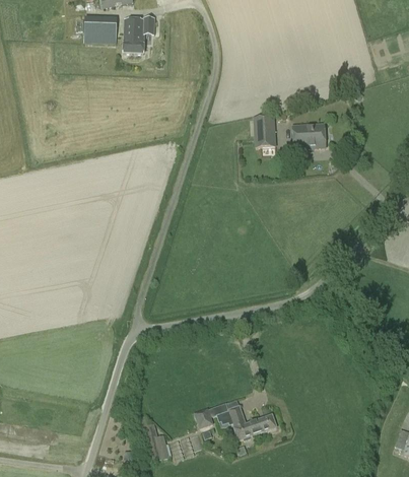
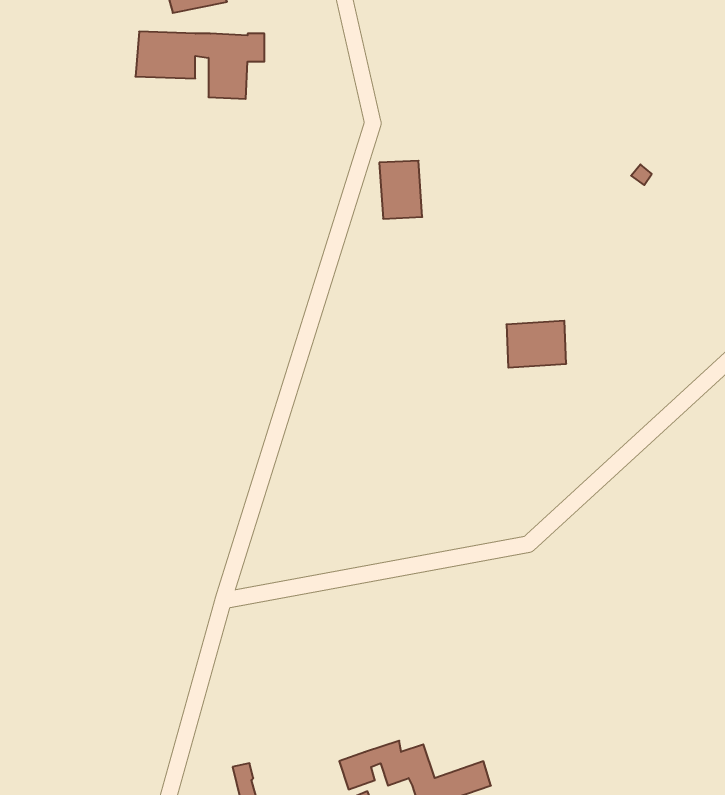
building: [253,116,276,147] -> [379,161,422,219]
building: [292,124,325,149] -> [506,321,566,368]

